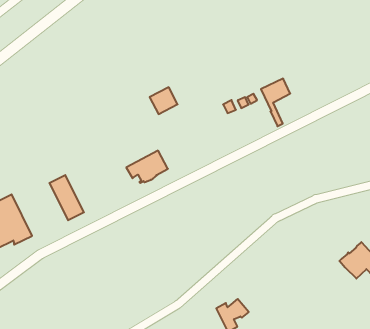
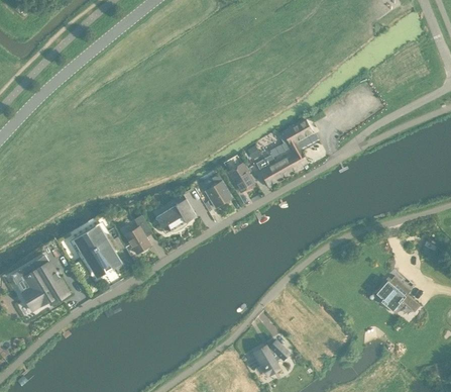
building: [150,87,178,114] -> [204,181,232,208]
building: none -> [256,152,302,186]
building: none -> [228,164,253,192]
building: none -> [125,215,149,254]

